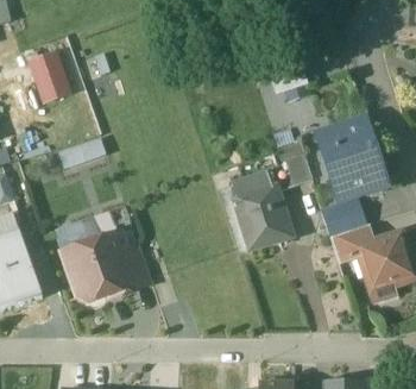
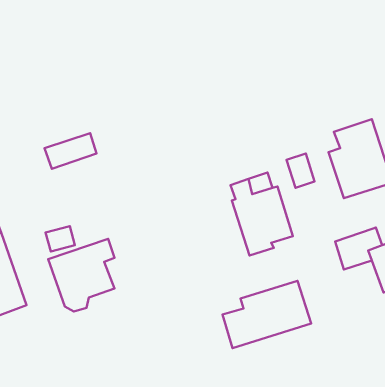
building: [30,50,70,101] -> none
building: [319,196,365,237] -> none
building: [114,247,151,286] -> none
building: none -> [223,281,311,348]

